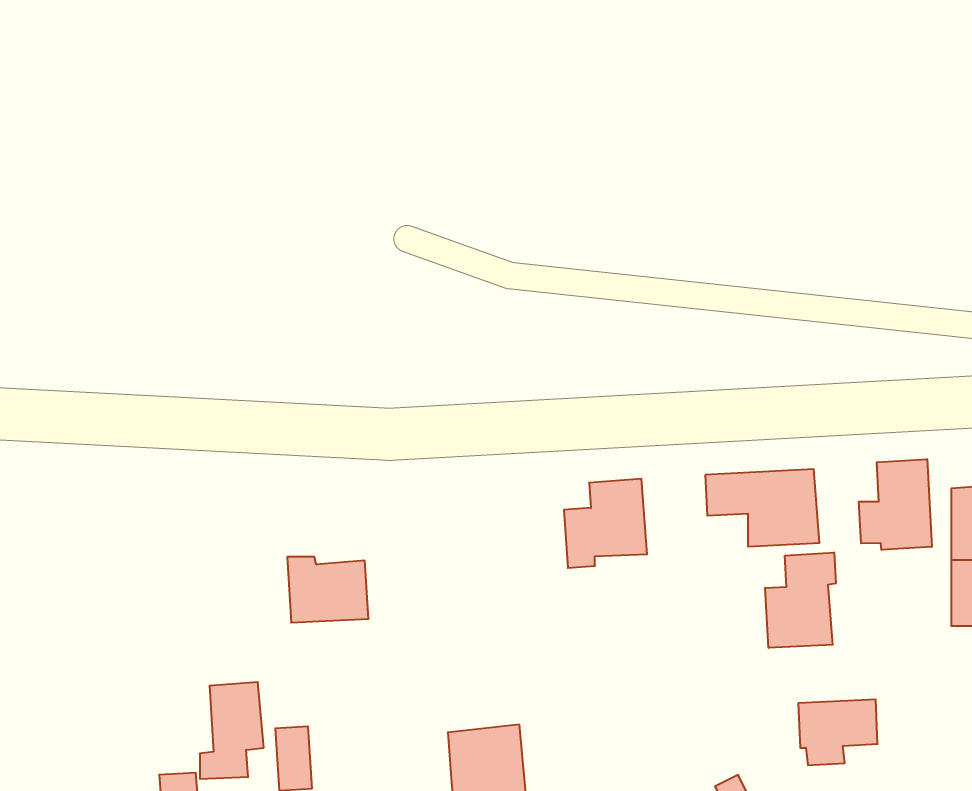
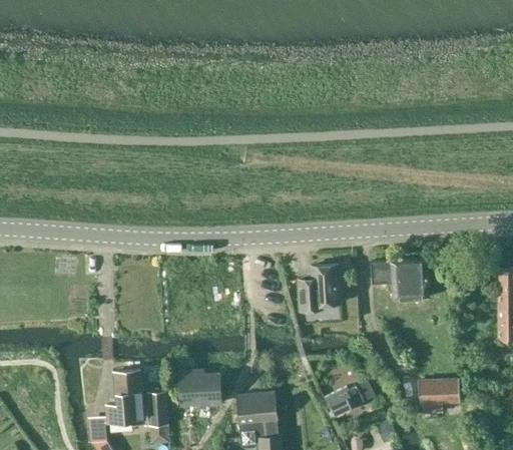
building: [859,459,932,550] -> none
building: [765,552,836,648] -> none
building: [287,557,369,623] -> [179,372,221,406]
building: none -> [324,388,364,418]

